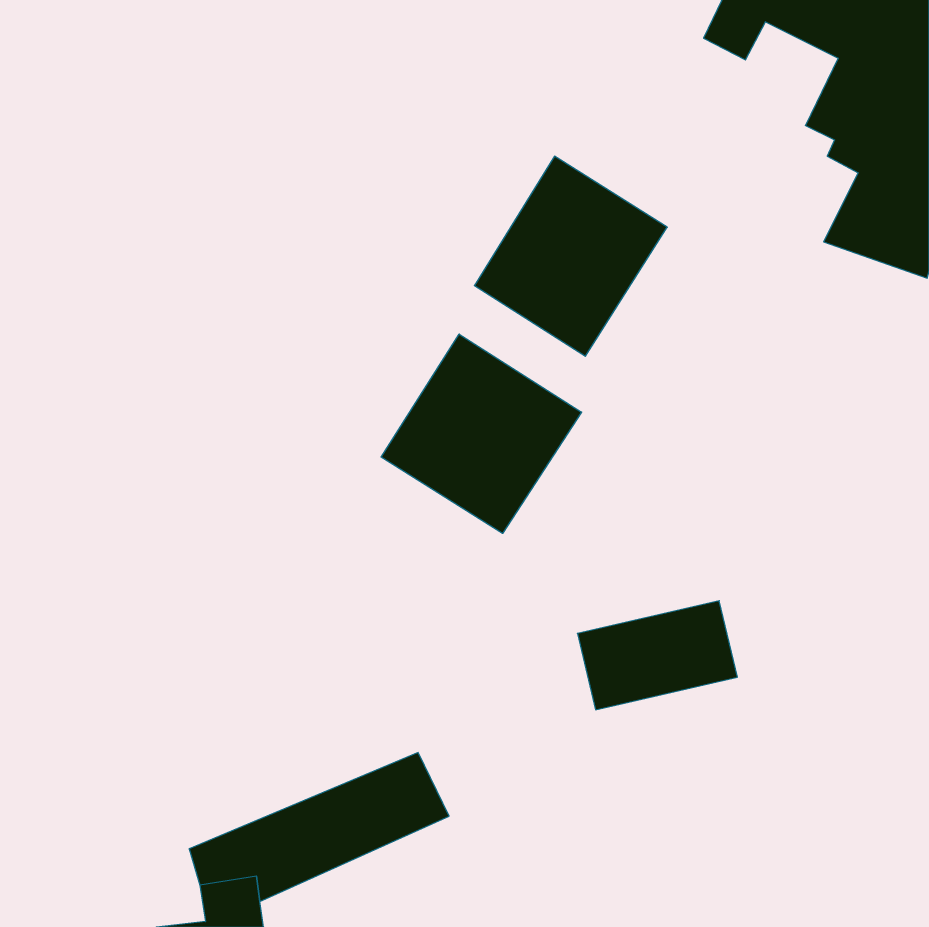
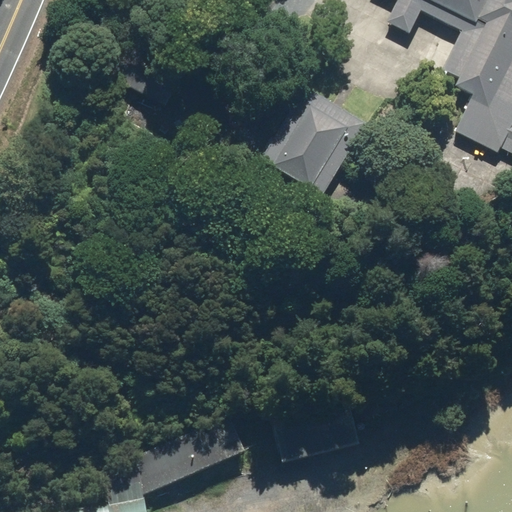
building: [381,334,582,533] -> none
building: [577,601,737,710] -> [271,402,359,462]

